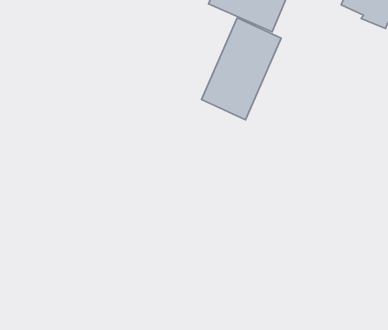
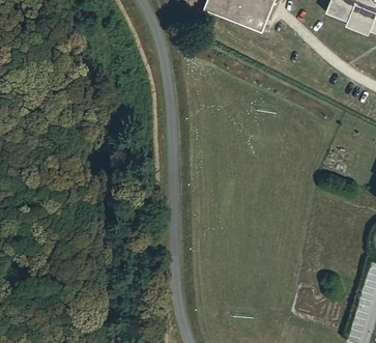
building: [202,18,281,120] -> none

